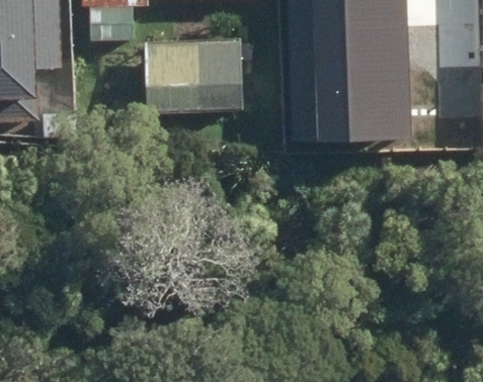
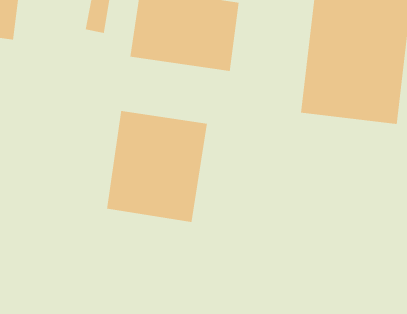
building: none -> [107,110,207,223]

